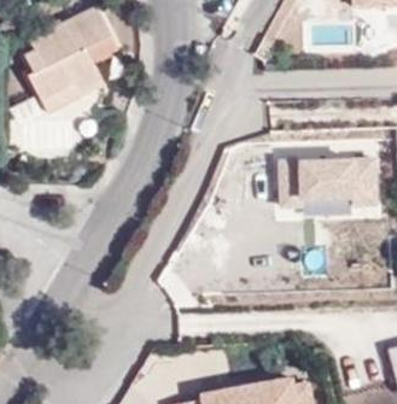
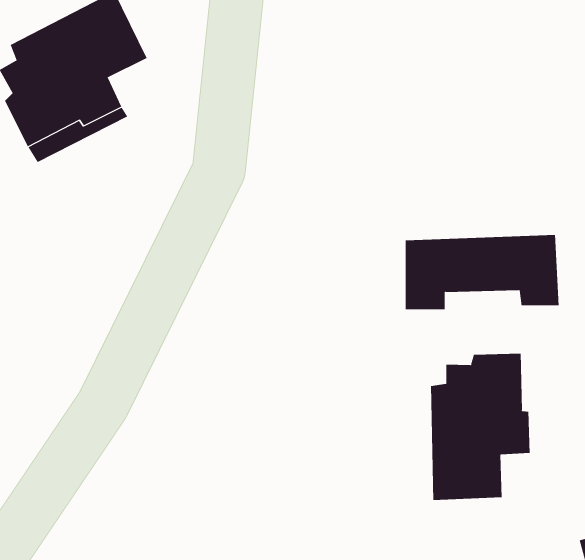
building: none -> [431,353,530,501]

